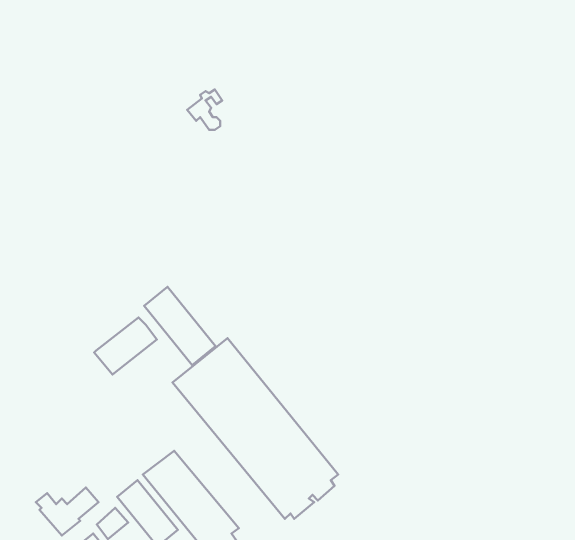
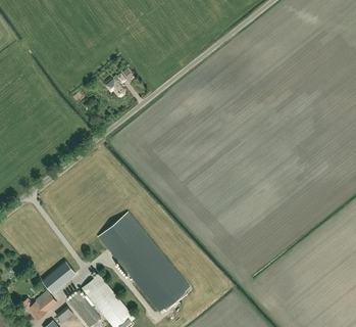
building: [144,287,216,365] -> none
building: [94,317,157,375] -> [41,261,75,292]

